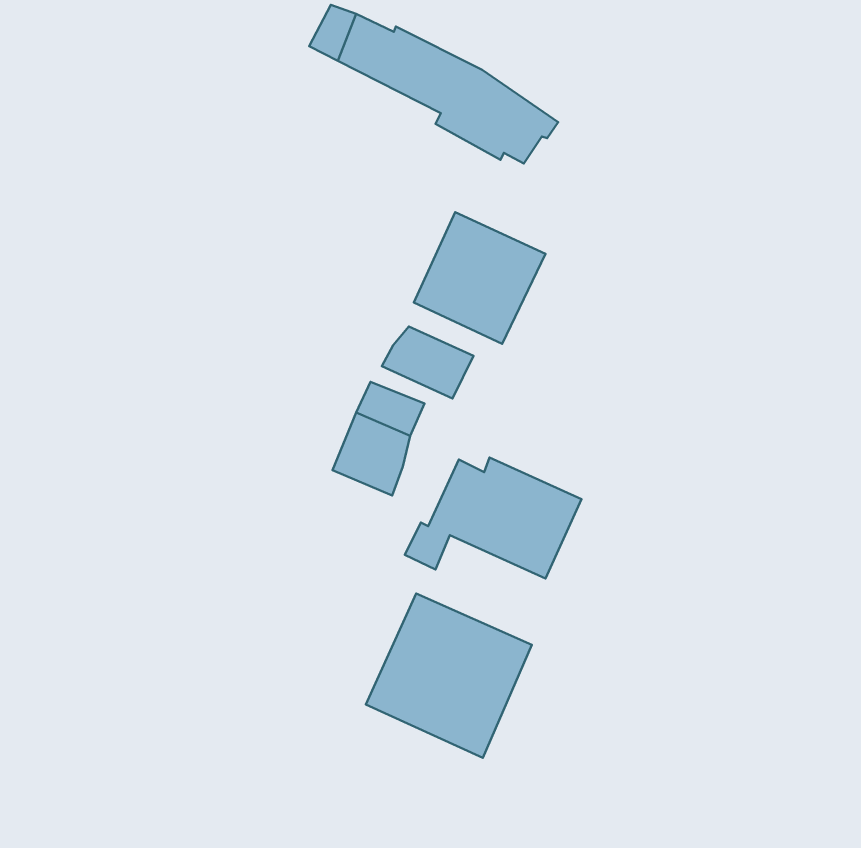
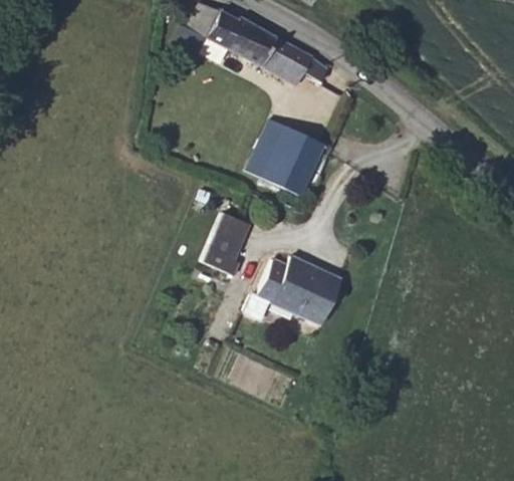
building: [382,326,474,399] -> none
building: [366,593,532,758] -> none

